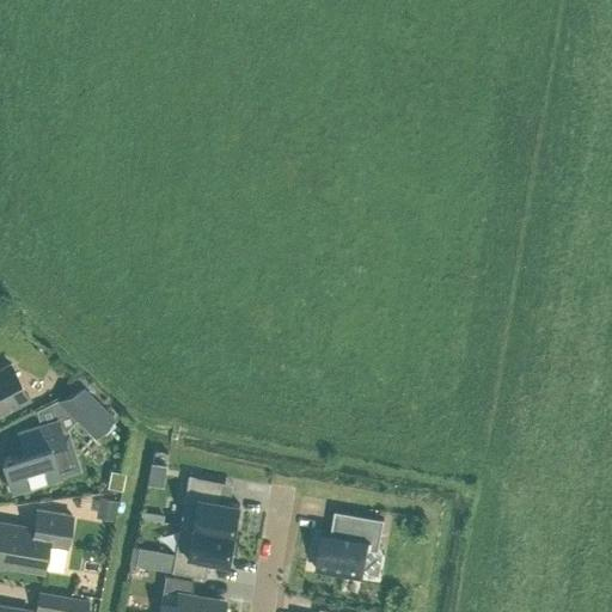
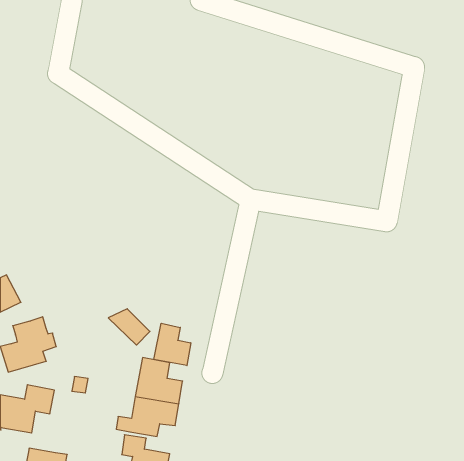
building: [57,391,112,439] -> [108,309,150,345]
building: none -> [154,323,191,366]
building: [316,512,385,579] -> none

